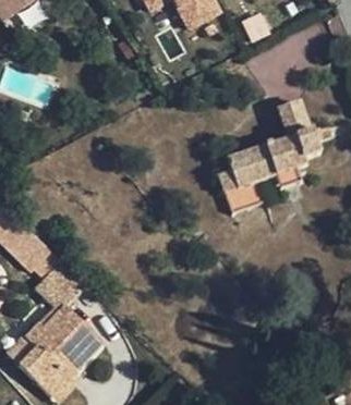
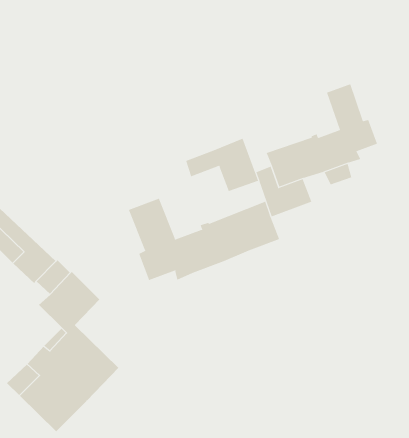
building: none -> [186,138,259,192]
building: none -> [128,198,280,281]

